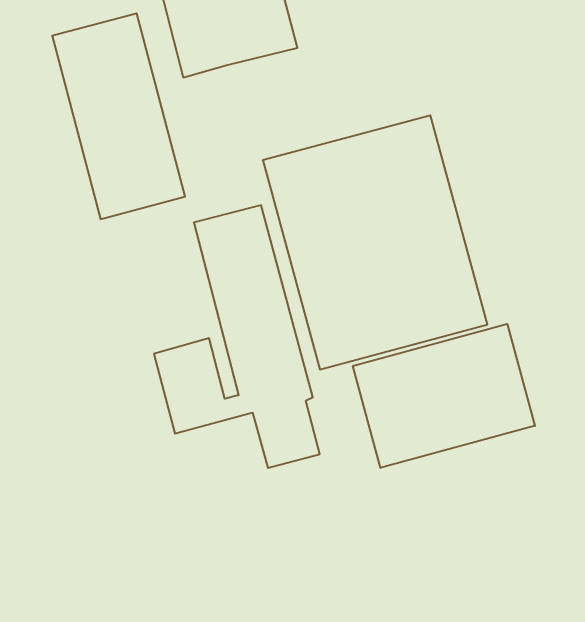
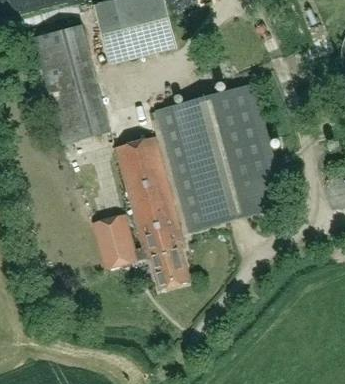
building: [353,324,535,468] -> none

